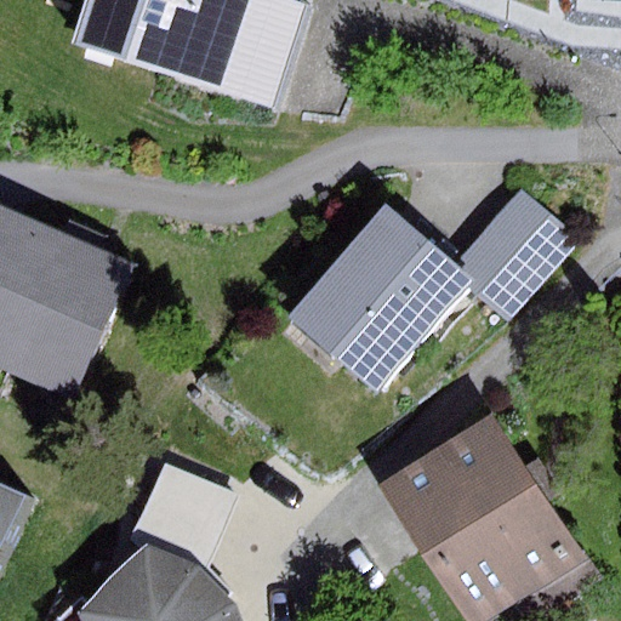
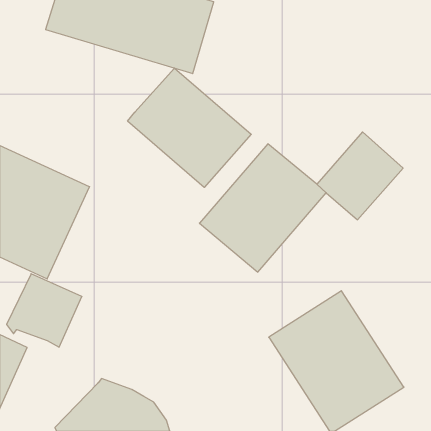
building: none -> [128,68,251,187]
building: [131,463,239,569] -> [7,274,82,347]

